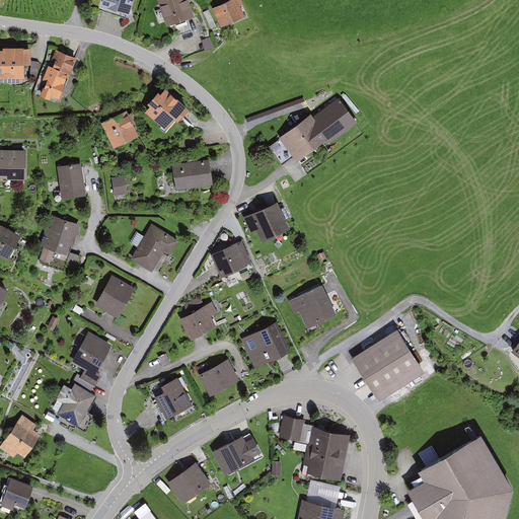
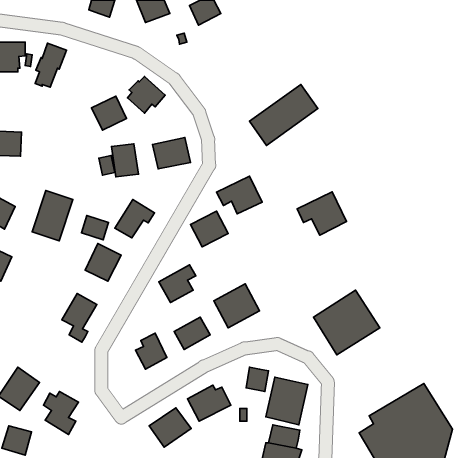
building: [58,163,88,201] -> [111,144,138,177]
building: none -> [81,215,108,240]
building: [286,282,342,330] -> [297,192,347,235]
building: [55,383,94,432] -> [43,392,79,435]

